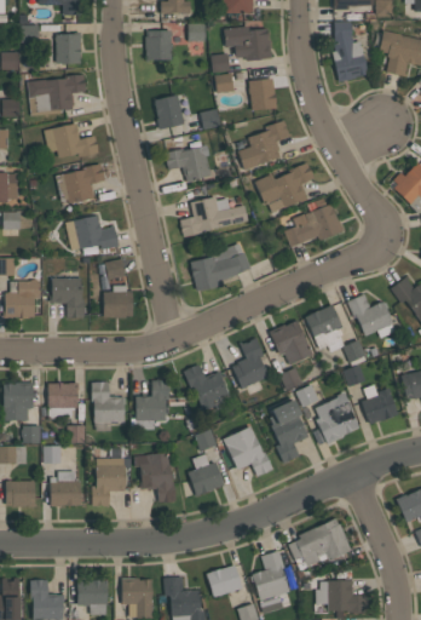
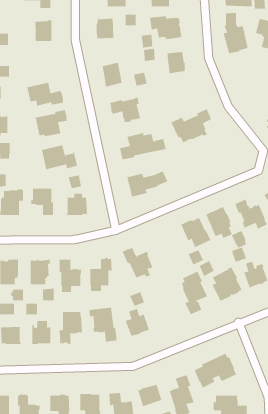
building: [27,75,86,116] -> none
building: [237,120,292,170] -> none
building: [284,199,344,247] -> none
building: [231,339,269,390] -> none
building: [223,426,272,477] -> none

